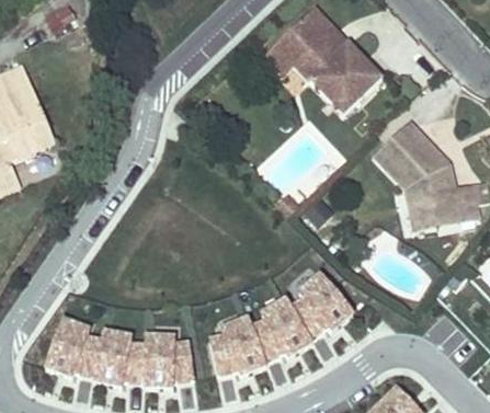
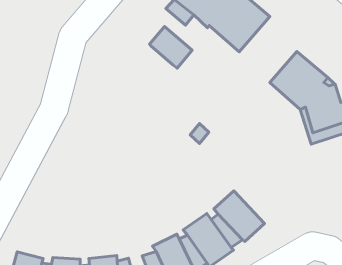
building: none -> [150,26,192,68]

